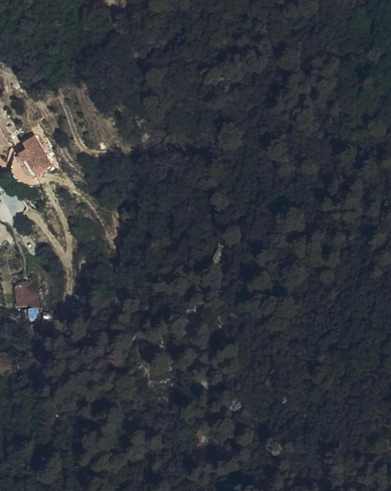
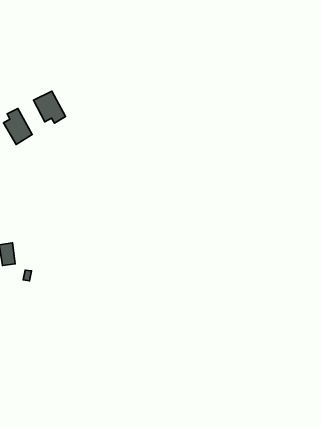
building: none -> [34,91,66,123]

